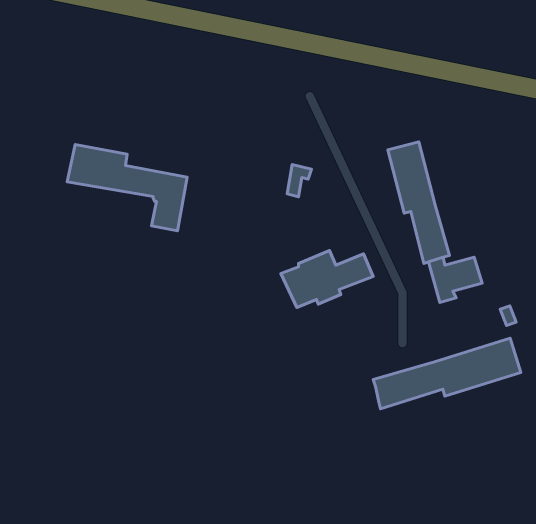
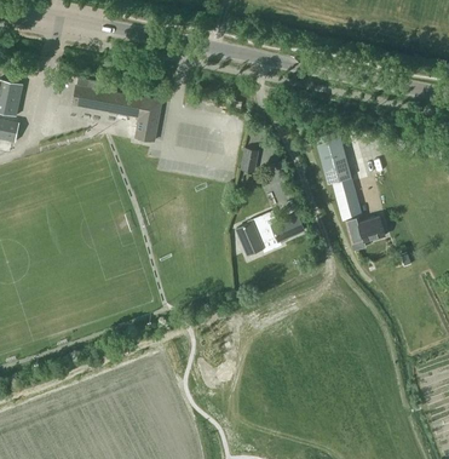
building: [67,145,187,231] -> [73,78,162,142]
building: [373,338,521,409] -> none

